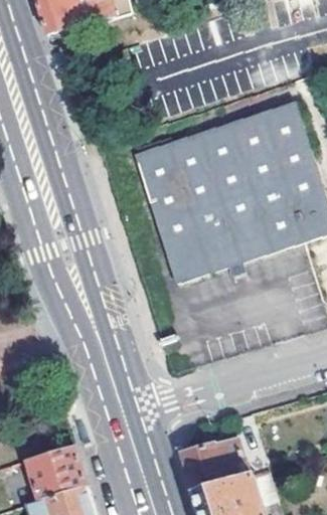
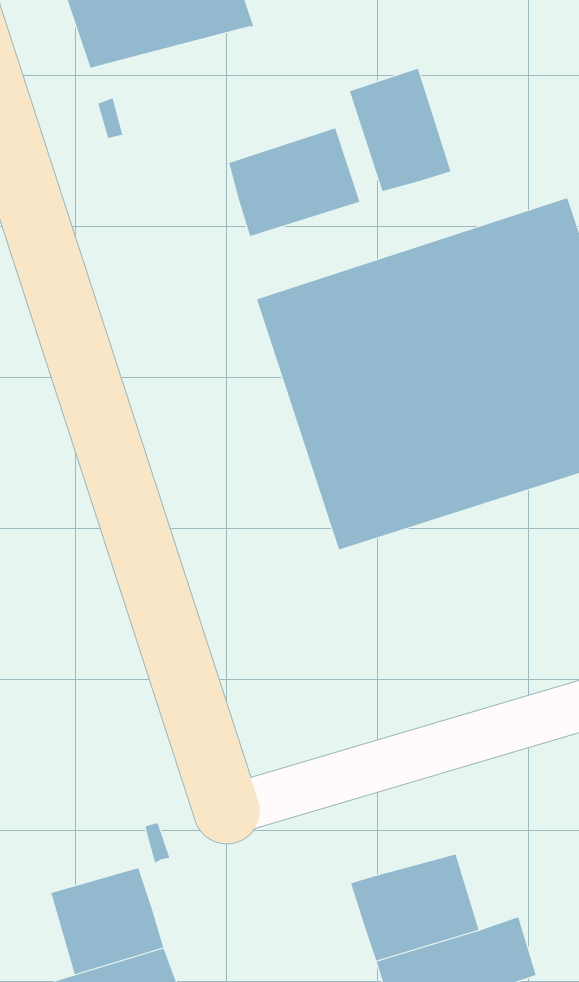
building: none -> [349,68,451,192]
building: none -> [229,128,360,237]

